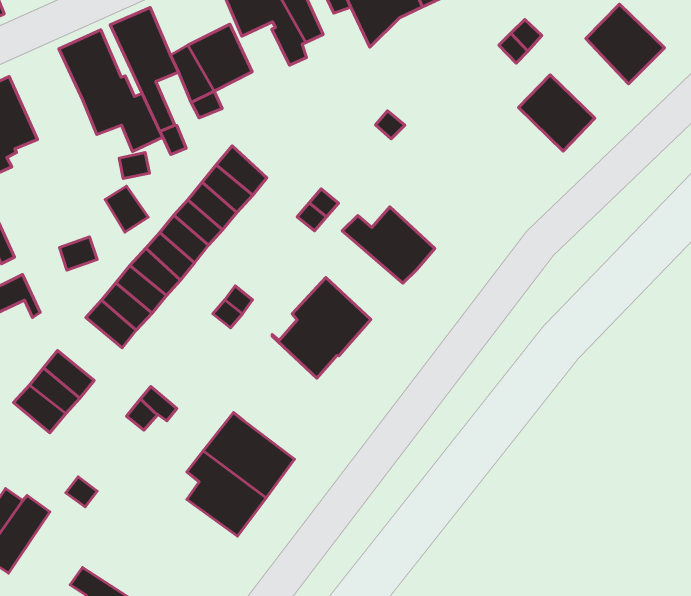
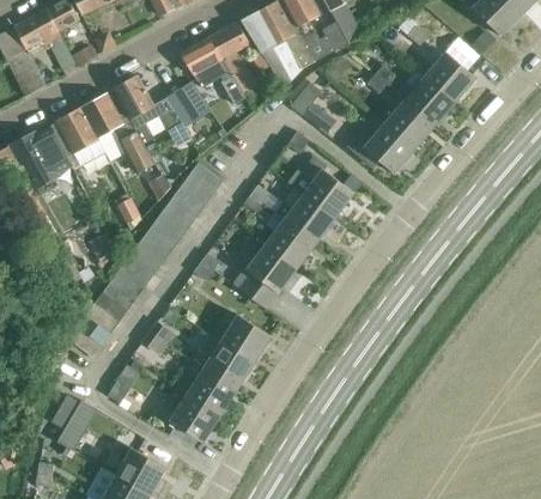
building: none -> [395,68,454,126]
building: none -> [287,77,336,132]
building: none -> [57,105,99,151]
building: none -> [347,114,414,174]
building: none -> [302,156,354,218]
building: none -> [266,218,316,267]
building: none -> [95,279,136,320]
building: none -> [219,312,272,361]
building: none -> [169,392,220,440]

